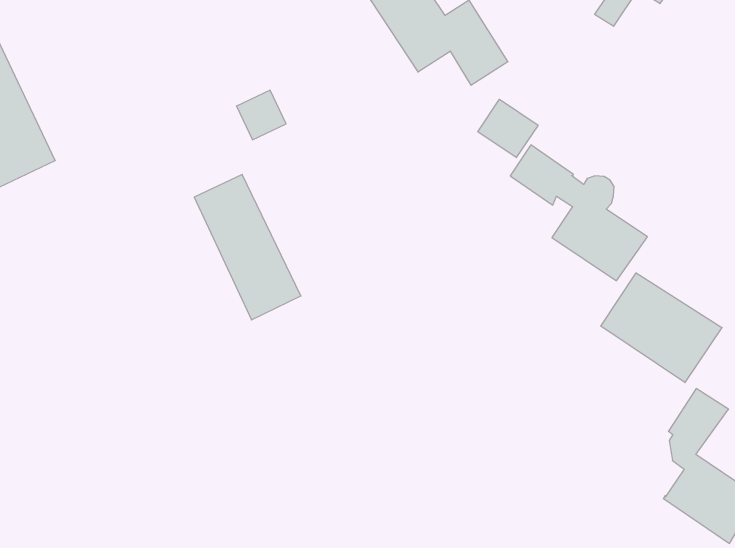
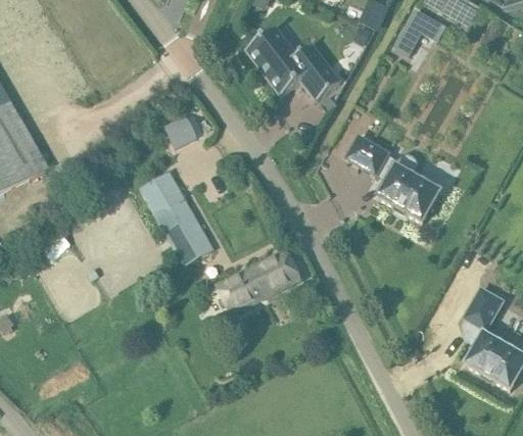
building: [478,99,538,158] -> none
building: [601,273,722,383] -> none
building: none -> [218,251,298,311]

